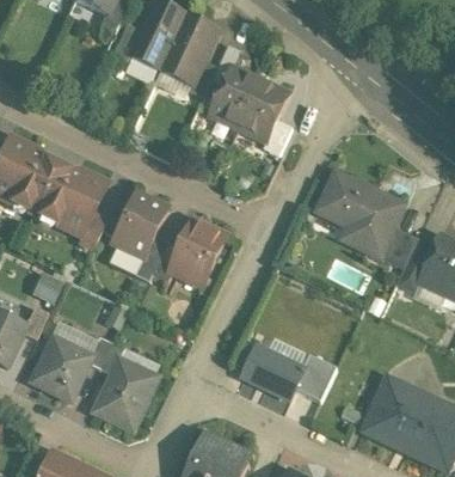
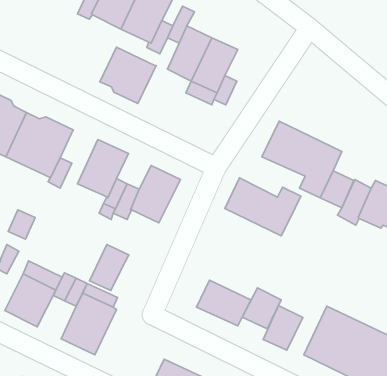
building: none -> [100,47,156,104]
building: none -> [225,178,301,236]
building: none -> [89,244,129,290]
building: none -> [263,306,303,350]

